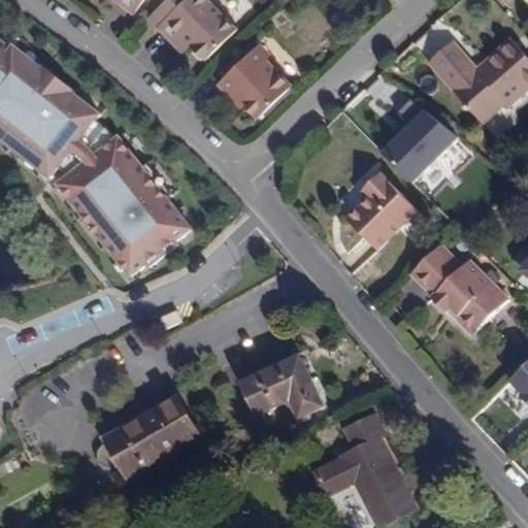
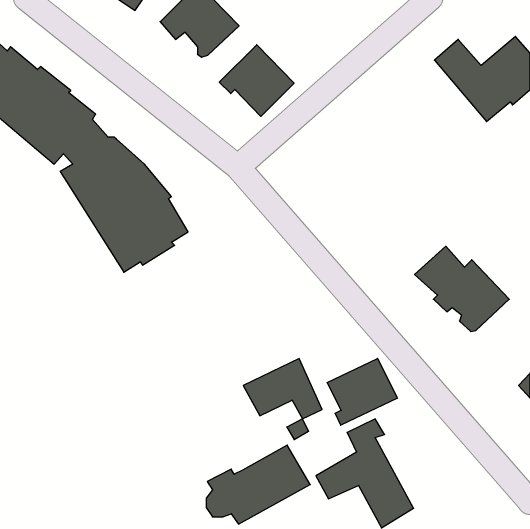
building: [376,106,457,179] -> none
building: [345,172,416,245] -> none
building: none -> [327,358,397,425]
building: [95,398,198,476] -> [206,445,310,524]

